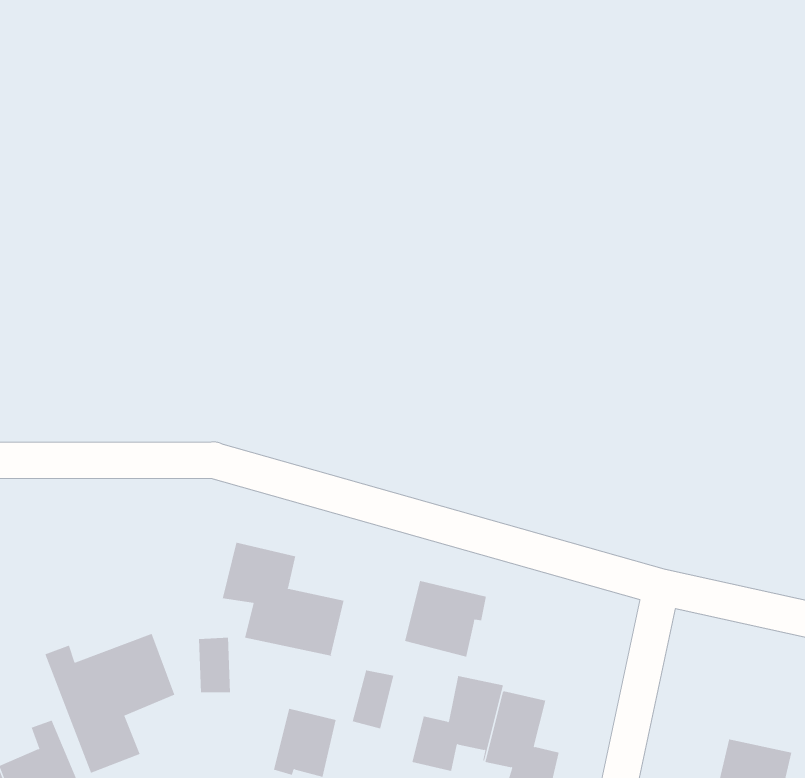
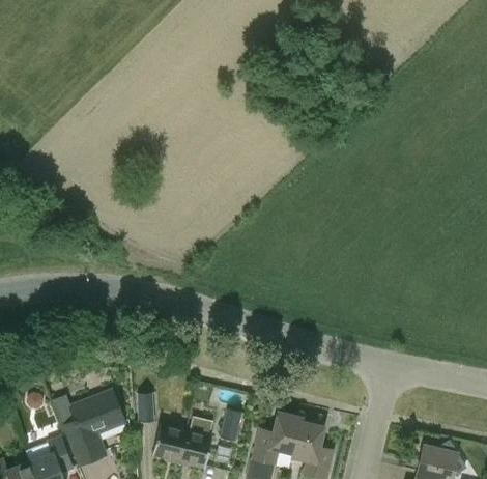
building: [222,542,344,658] -> none
building: [404,580,486,658] -> none
building: none -> [151,424,185,463]

